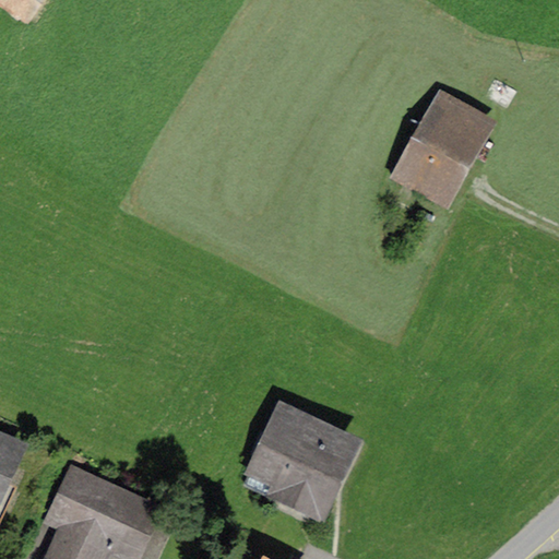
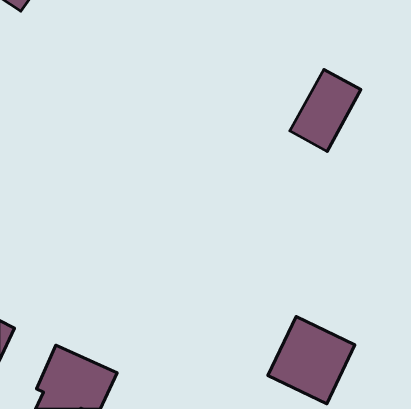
building: [241,401,359,519] -> [268,317,355,404]

